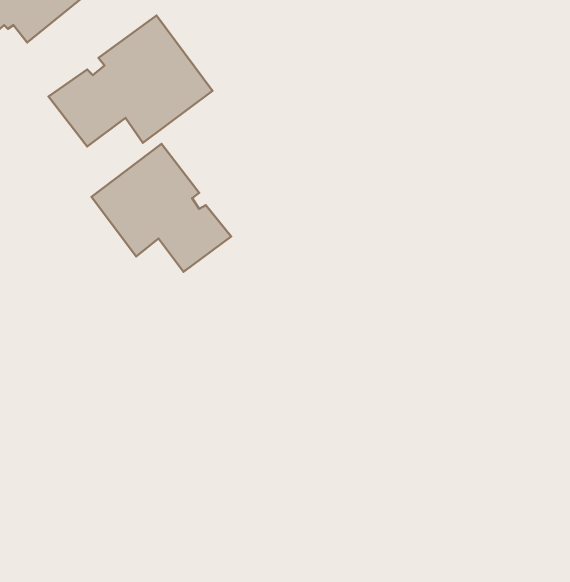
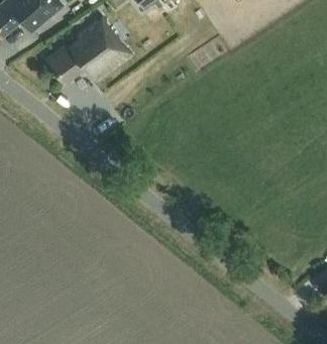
building: [91,144,231,272] -> none

